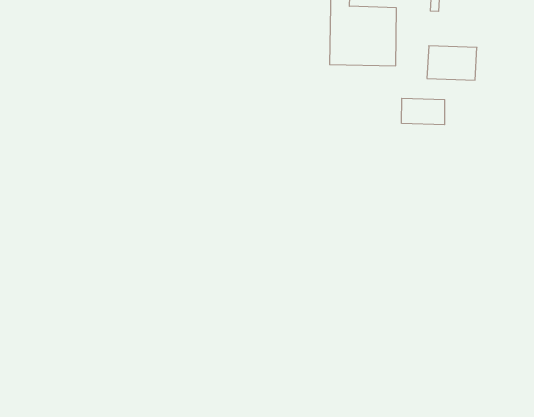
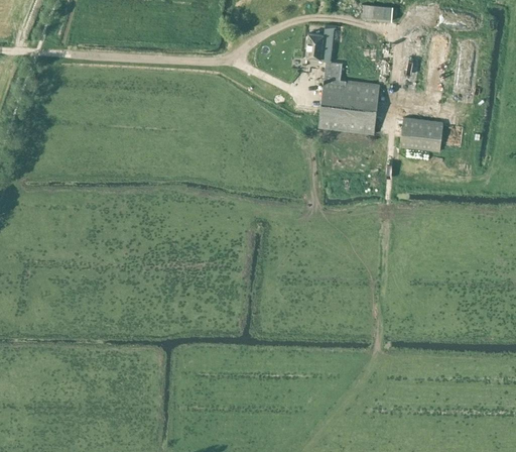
building: [402,98,445,125] -> none

